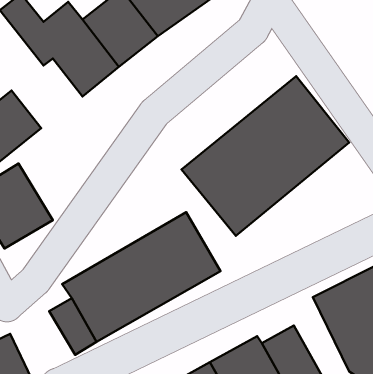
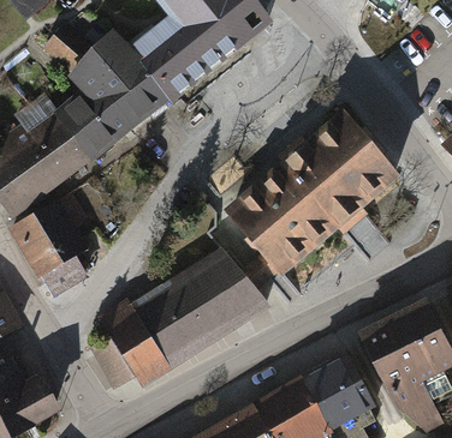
building: none -> [54,90,126,161]

